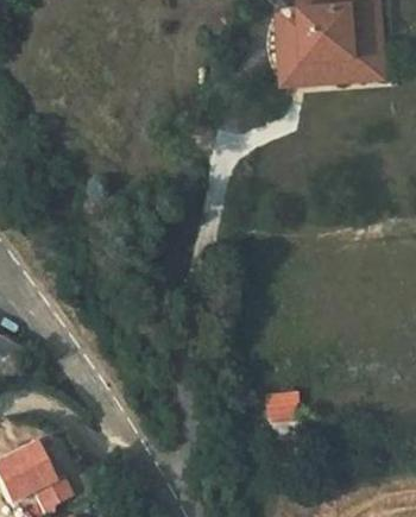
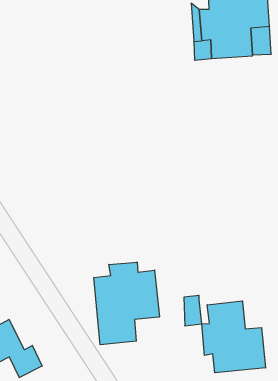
building: none -> [94,262,159,345]
building: none -> [202,301,265,373]

